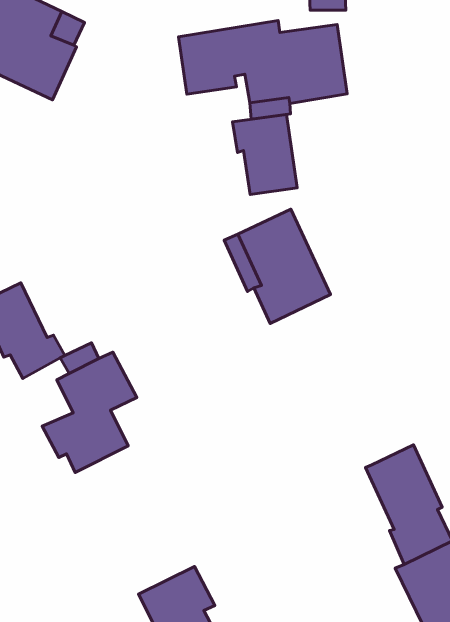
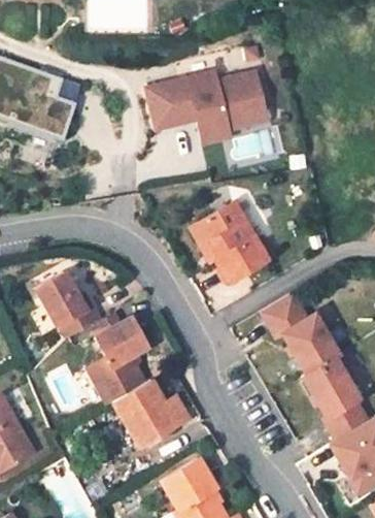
building: [233,114,297,195] -> none
building: none -> [264,294,341,376]
building: none -> [105,376,182,446]

